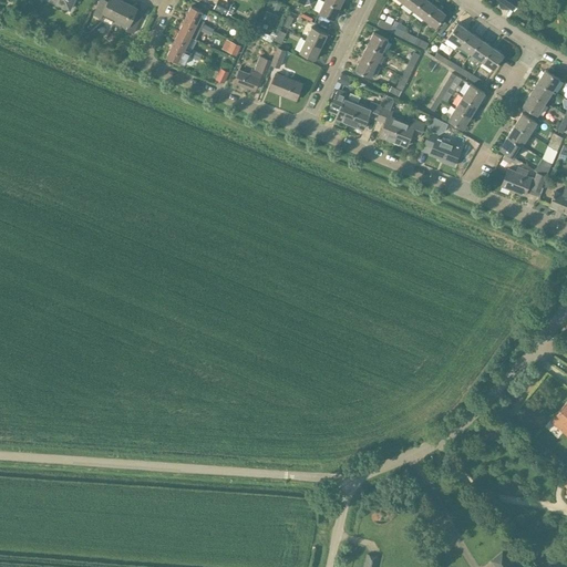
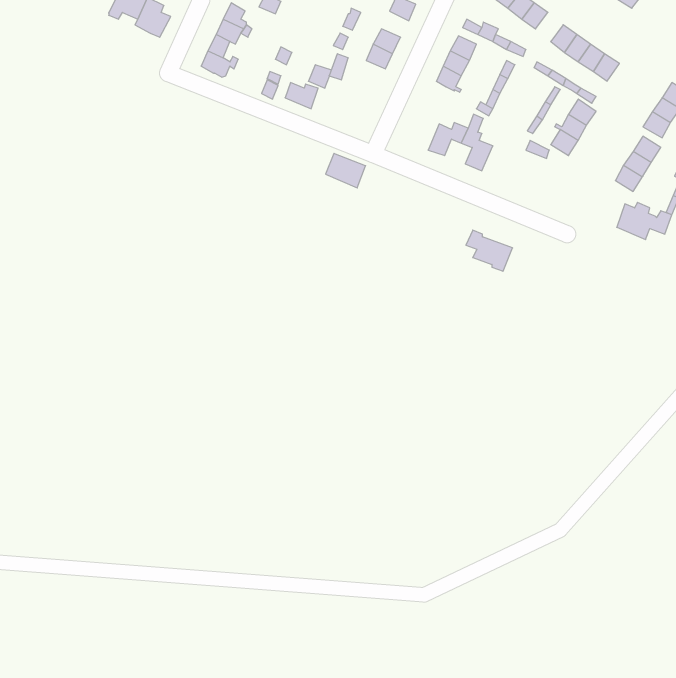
building: [270,73,302,101] -> [326,153,366,188]
building: [331,90,359,124] -> none
building: [393,120,425,146] -> none
building: [424,132,462,165] -> [466,230,513,271]

